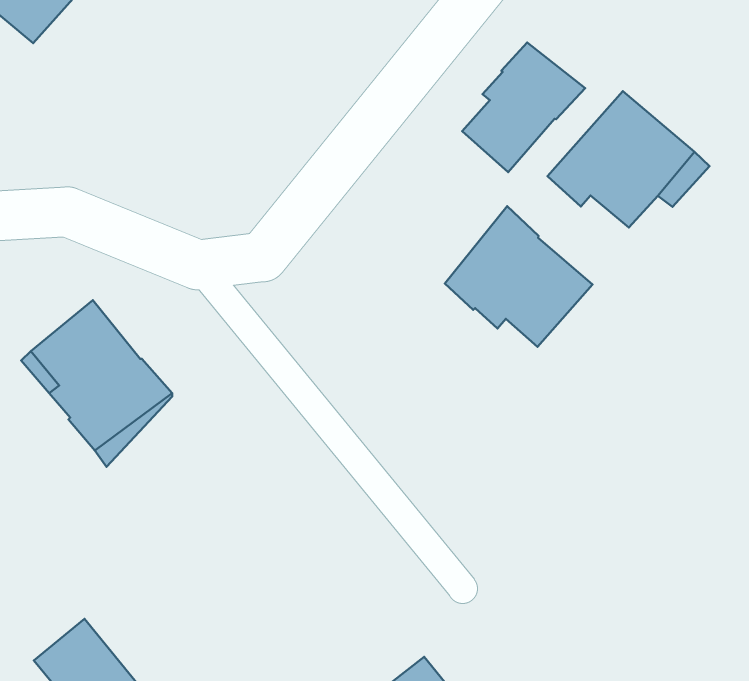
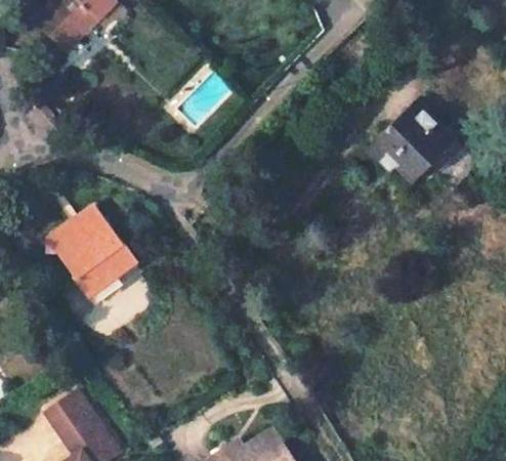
building: [462,43,585,172] -> none
building: [445,206,593,347] -> none

